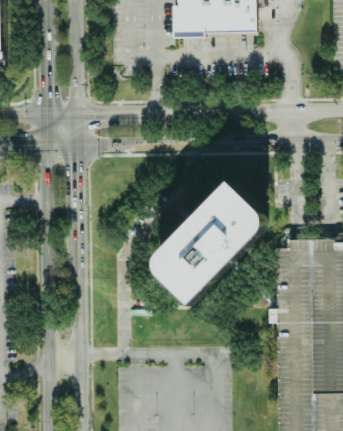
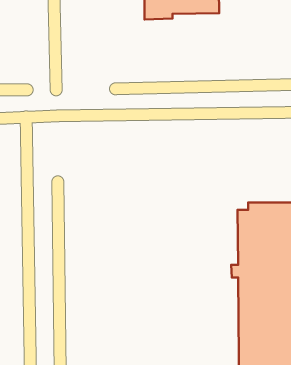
building: [157,182,267,305] -> none

